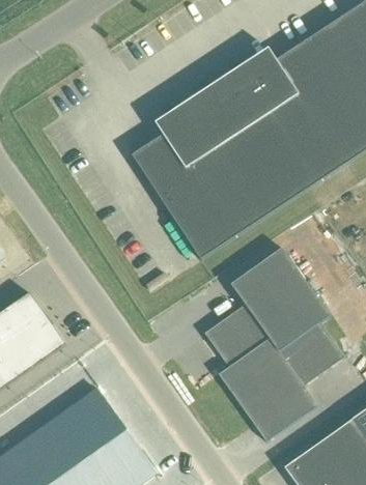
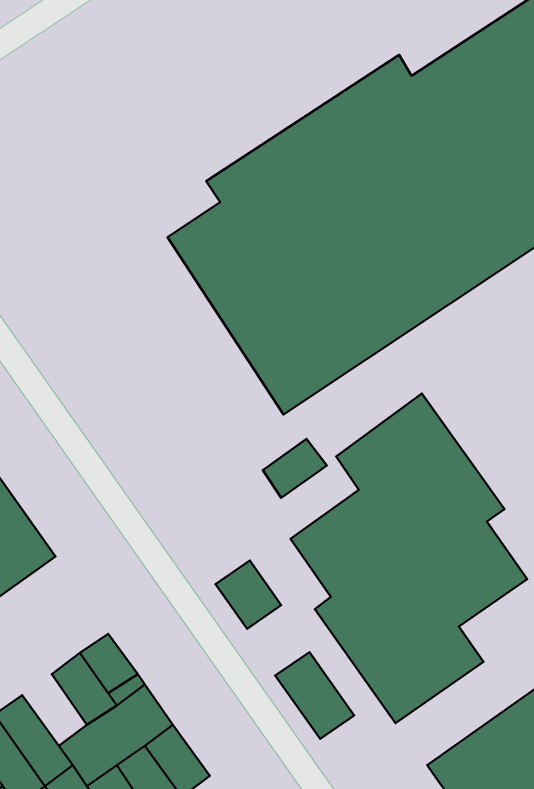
building: none -> [263,439,327,498]
building: none -> [216,561,281,629]
building: none -> [275,652,354,739]
building: [46,412,84,455] -> none

